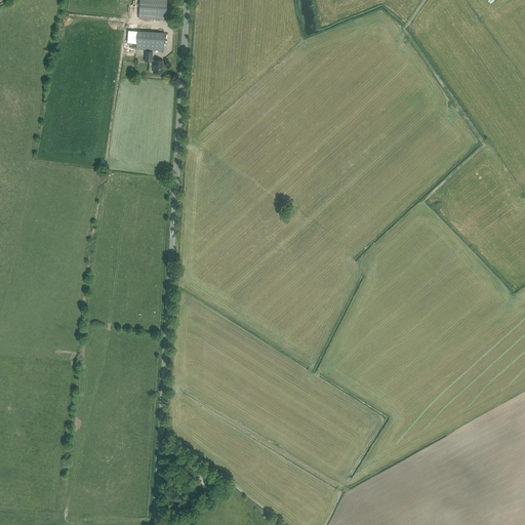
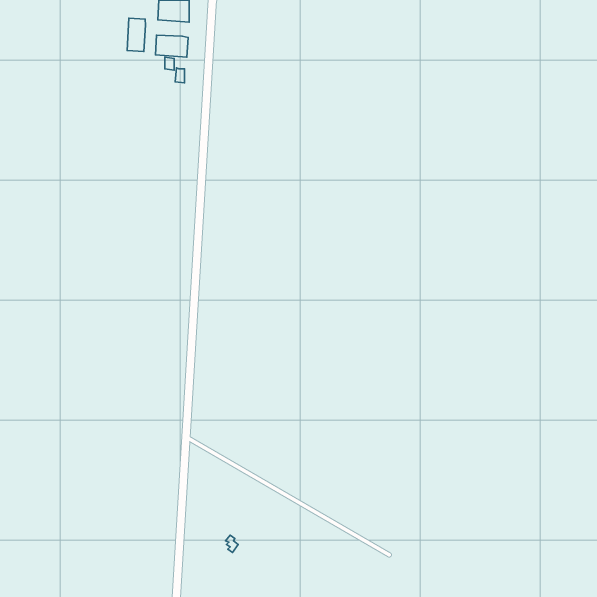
building: none -> [127,18,146,51]

